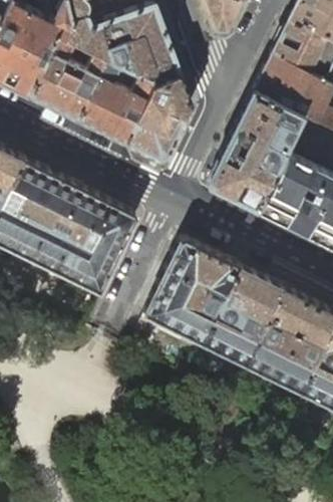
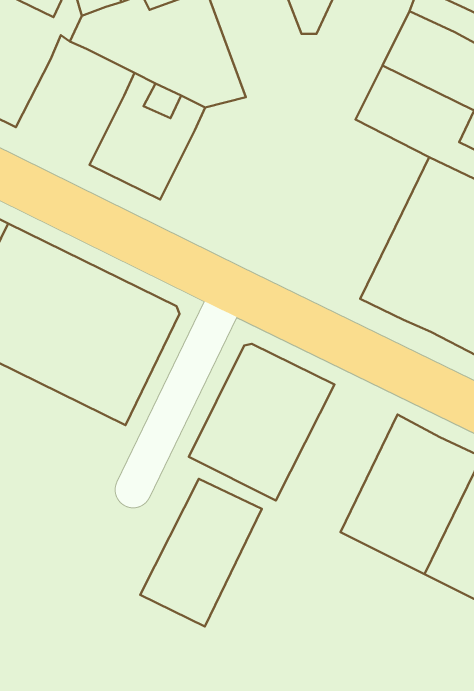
building: [26,34,105,120] -> none
building: [122,75,191,162] -> none
building: [209,90,302,210] -> none
building: [200,267,281,365] -> [140,479,262,626]

